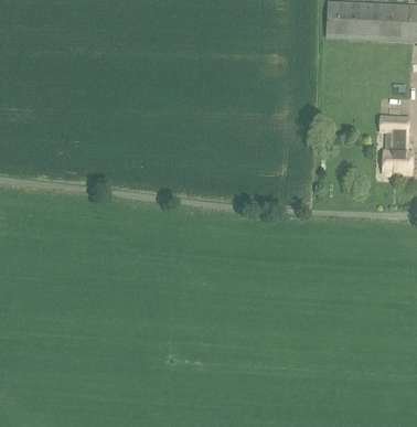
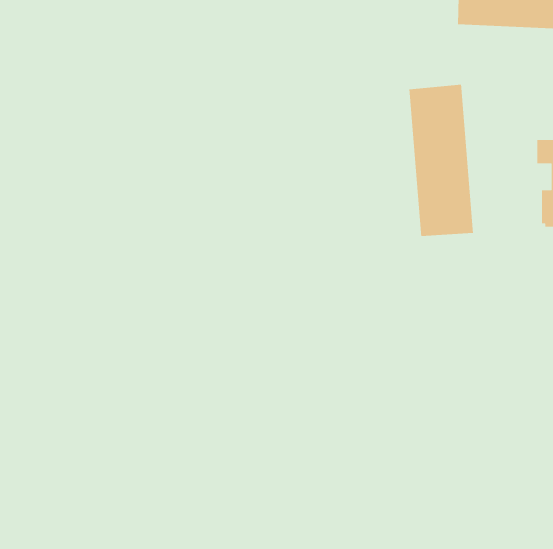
building: none -> [409,84,473,237]

